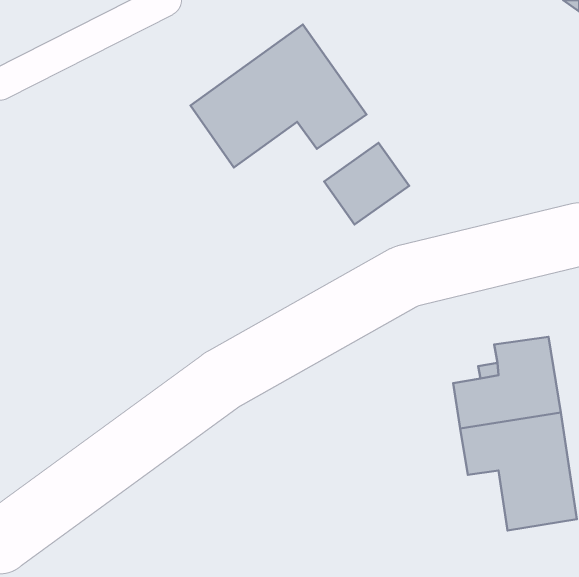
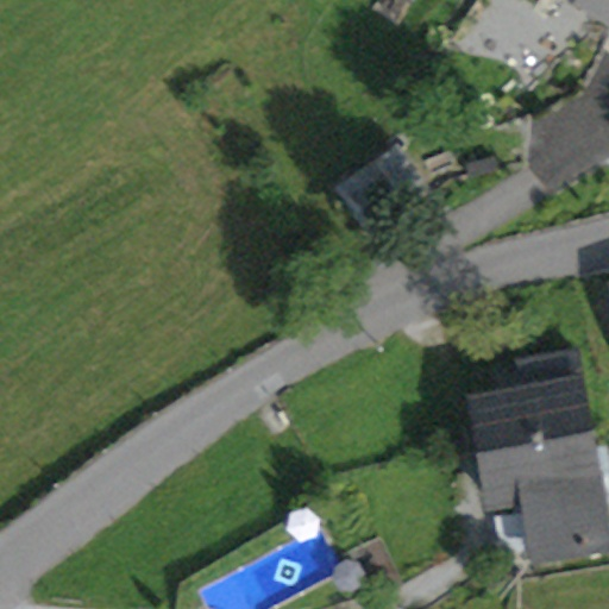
building: [191,25,367,167] -> none

